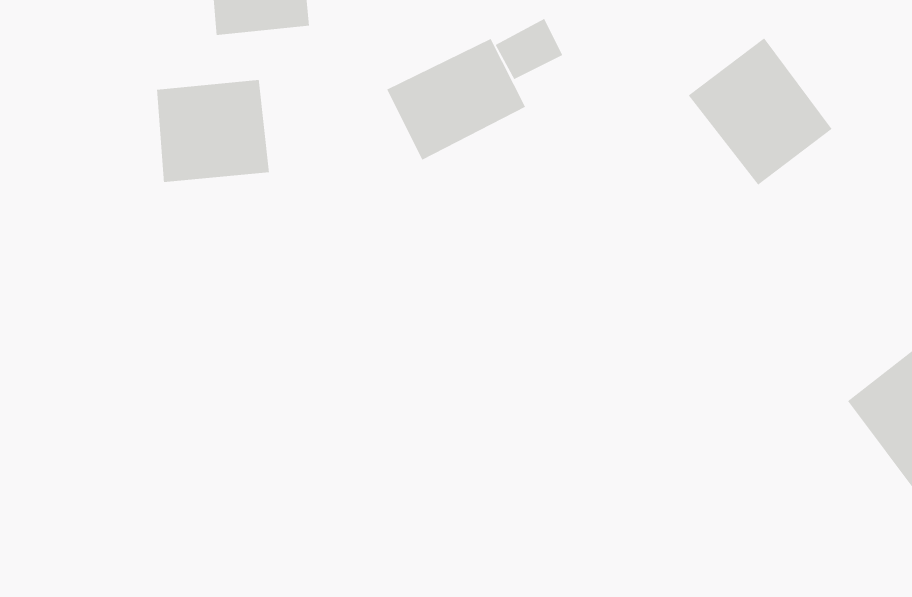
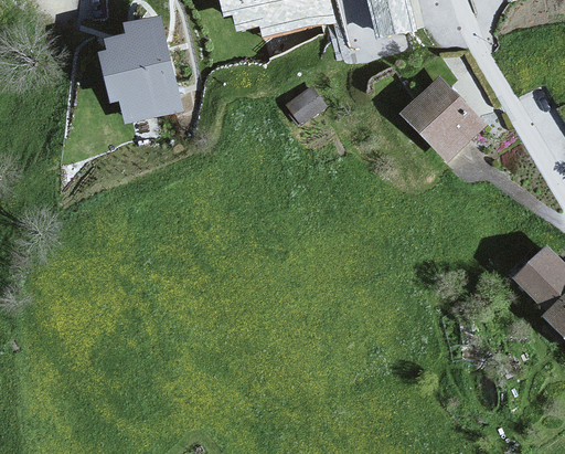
building: [386,38,526,160] -> none
building: [156,79,270,183] -> none

